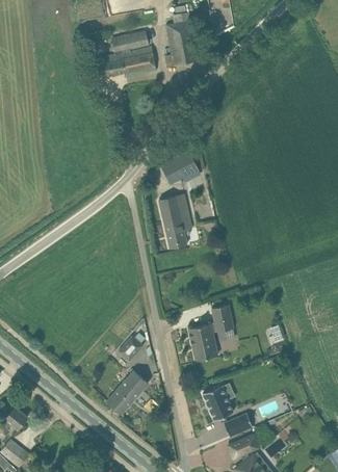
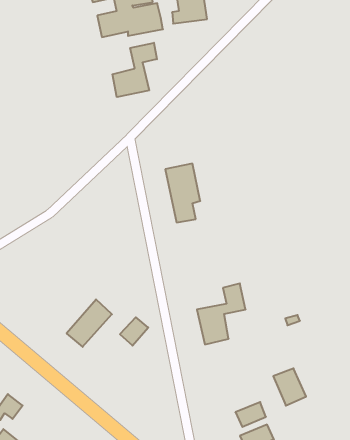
building: none -> [112,43,157,97]
building: [158,146,199,184] -> none
building: [107,370,149,414] -> [67,299,112,347]
building: [203,386,233,420] -> [273,368,306,406]

